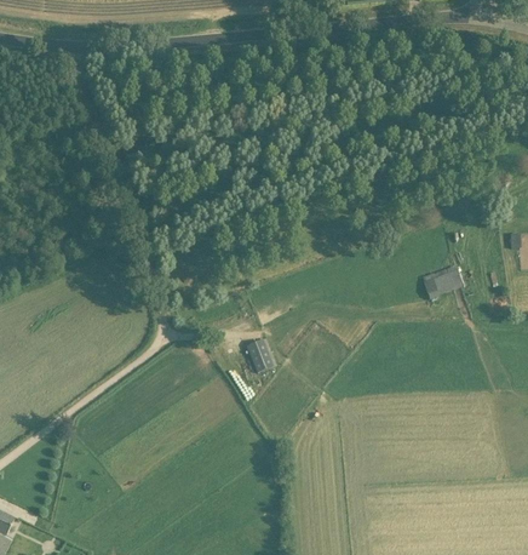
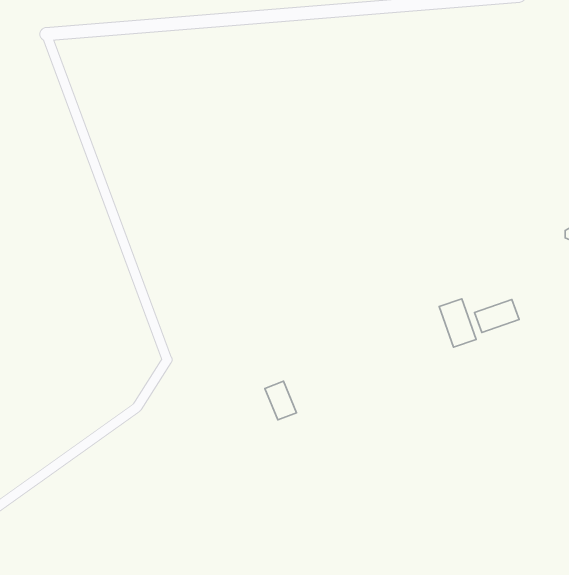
building: none -> [439,299,476,347]

